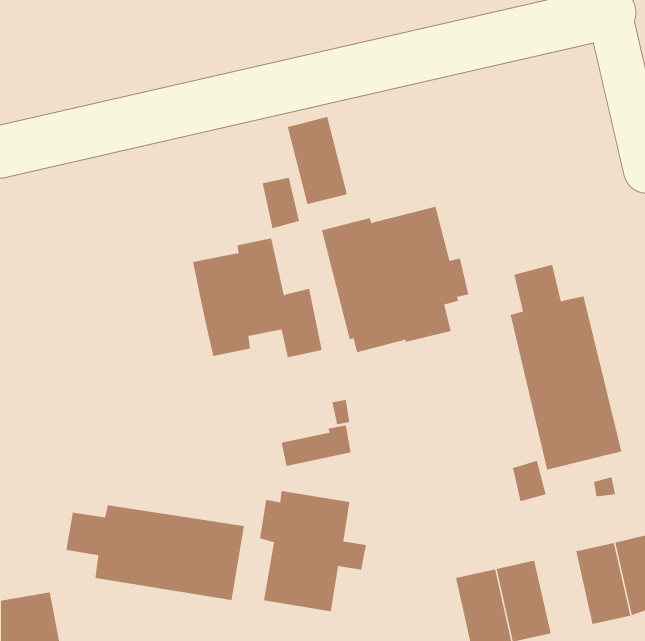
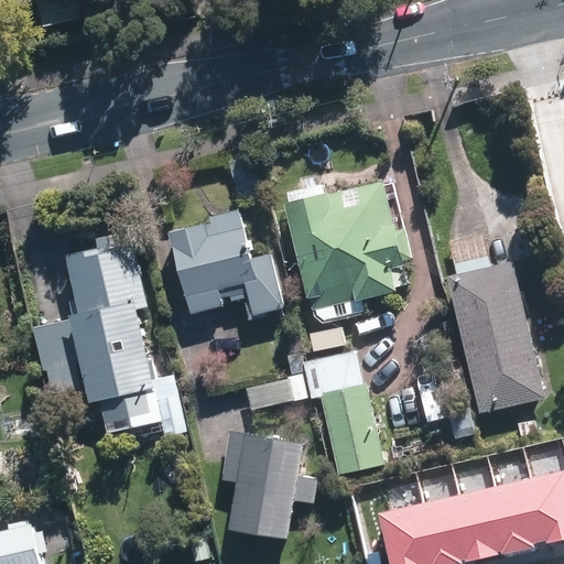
building: [287,116,347,205] -> none
building: none -> [32,235,186,438]
building: none -> [307,350,389,475]
building: [66,504,244,601] -> none
building: none -> [467,485,517,556]

